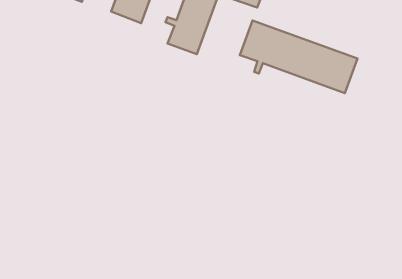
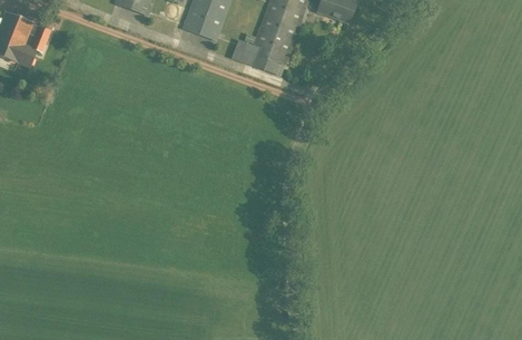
building: [240,20,357,93] -> none

